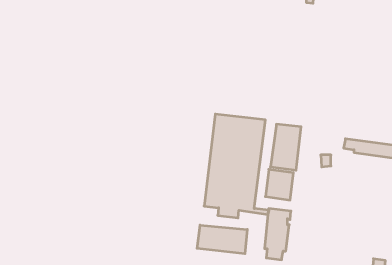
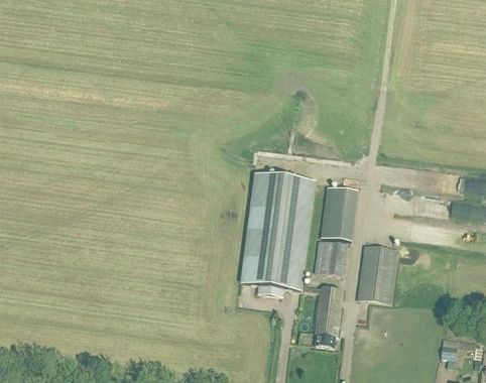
building: none -> [357,243,398,302]
building: [197,225,247,254] -> none

